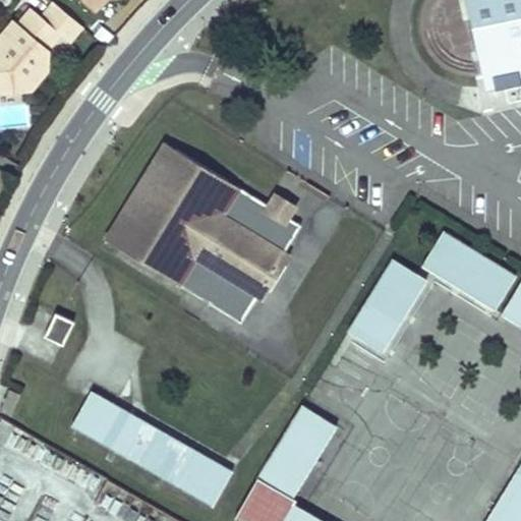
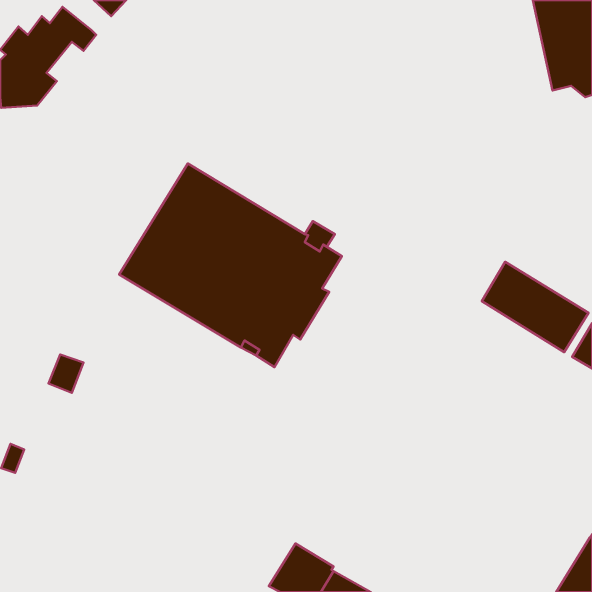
building: [349,257,427,352] -> none
building: [70,391,231,509] -> none
building: [259,404,337,498] -> none

